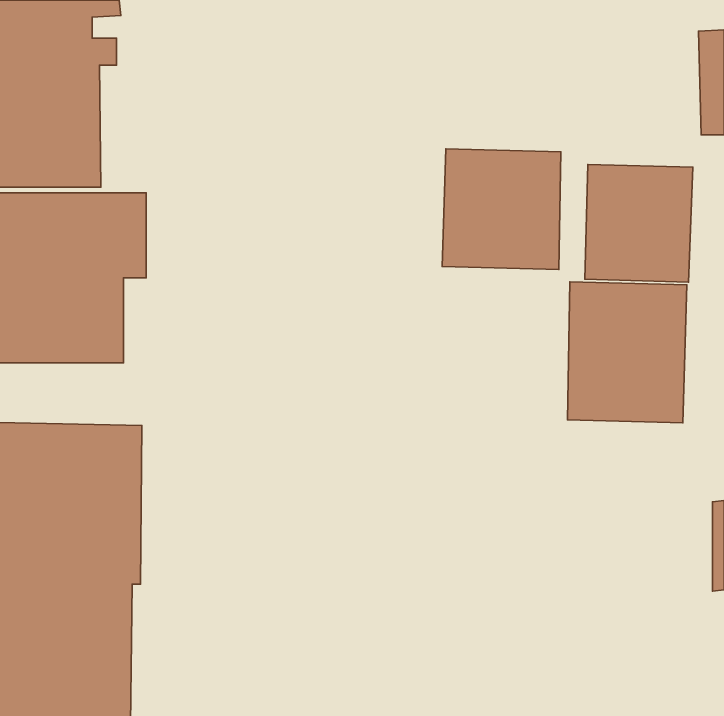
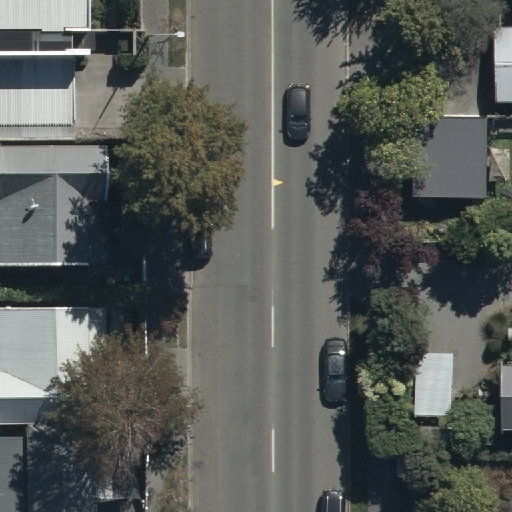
building: [442,149,561,270] -> none
building: [568,282,687,423] -> none

